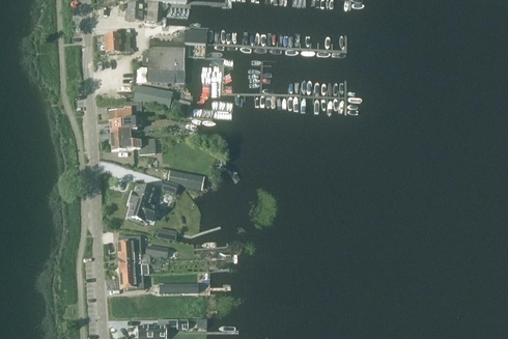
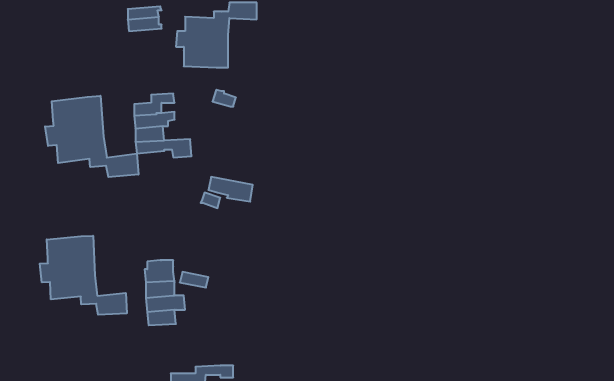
building: [135,84,174,107] -> none
building: none -> [45,96,138,177]
building: [129,183,157,220] -> none
building: none -> [40,236,127,315]

